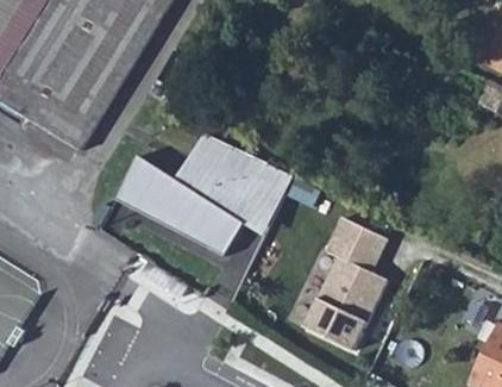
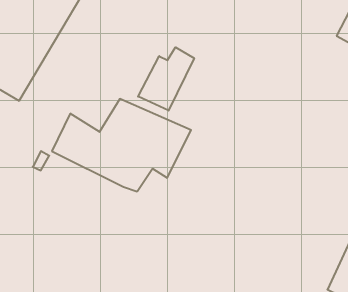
building: none -> [138,47,194,111]
building: [306,218,387,351] -> none

